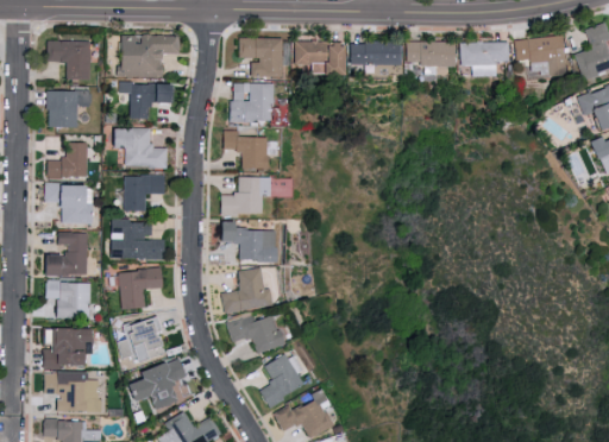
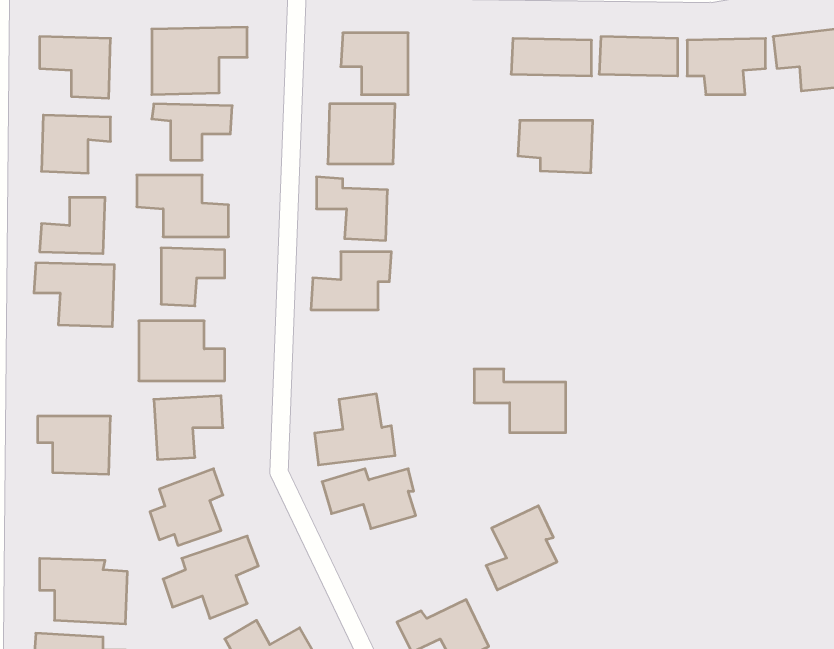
building: [294,42,341,75] -> [518,120,593,173]
building: [218,221,276,261] -> [474,369,566,433]
building: [42,233,88,276] -> none
building: [42,328,93,367] -> none
building: [260,352,306,405] -> [486,506,557,590]

